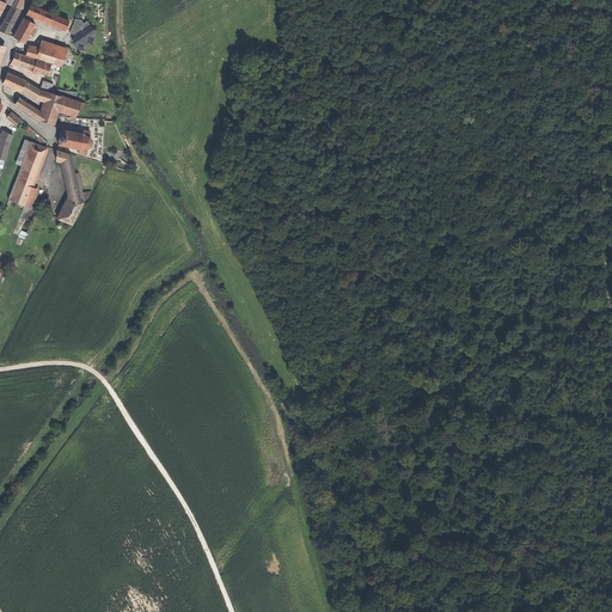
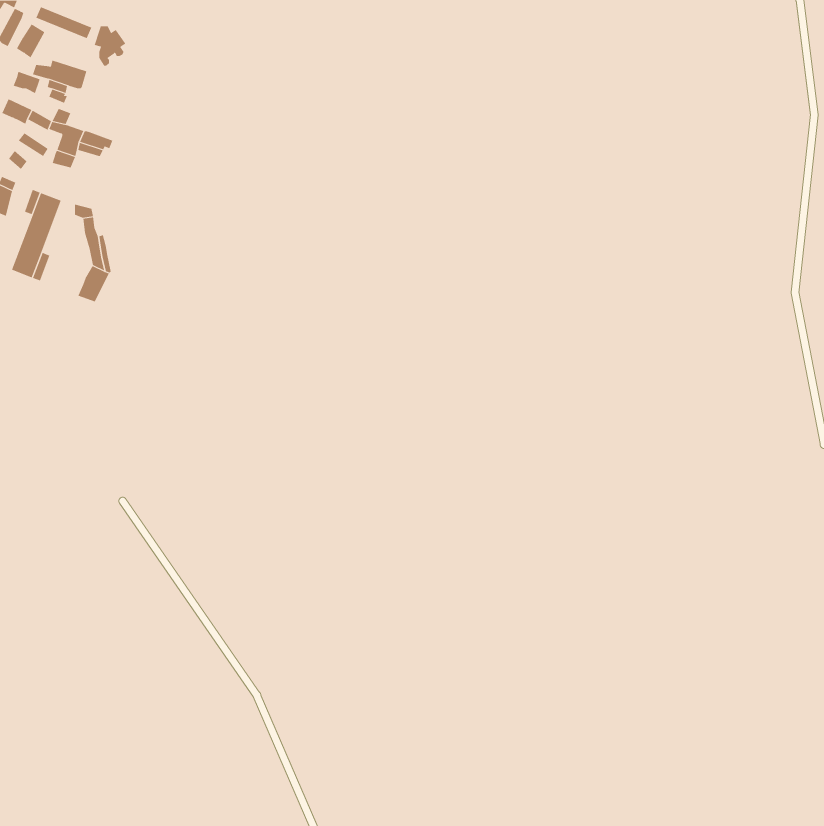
building: [57,129,91,149] -> none

